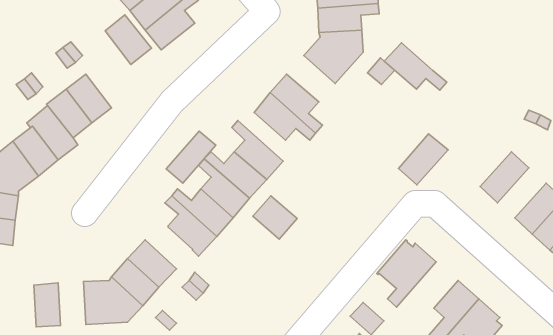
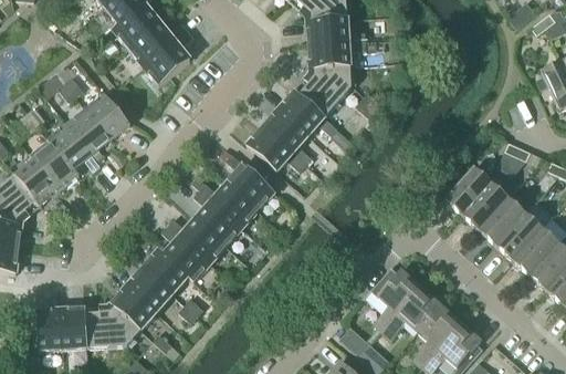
building: [105,15,152,65] -> [86,93,130,141]
building: [384,43,447,90] -> [277,91,337,136]
building: [166,131,216,183] -> none
building: [398,134,448,185] -> [444,167,492,216]
building: none -> [479,198,525,246]
building: [253,196,297,239] -> none
building: none -> [143,248,188,294]
building: none -> [382,288,441,339]
building: none -> [60,307,86,349]

